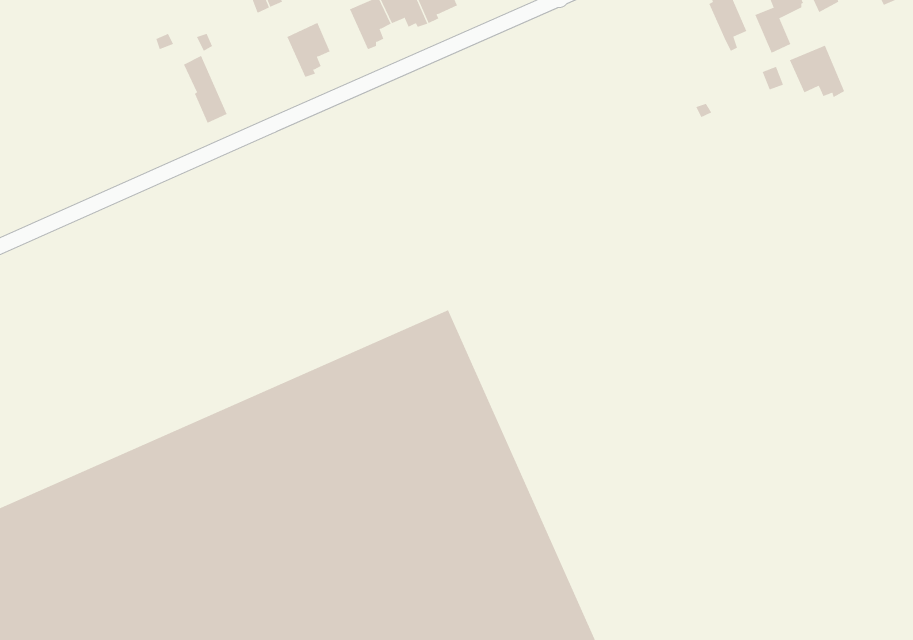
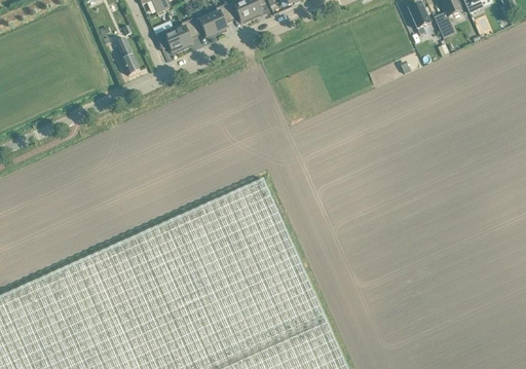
building: none -> [191,11,219,37]
building: none -> [156,27,184,52]
building: [789,45,845,98] -> none

